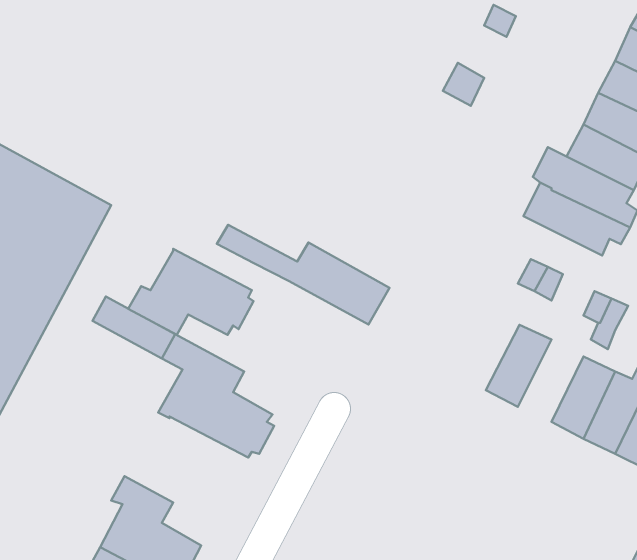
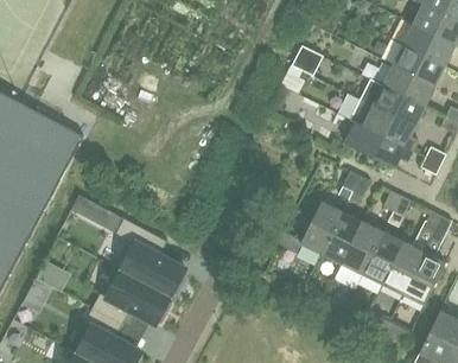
building: [217,225,389,325] -> none
building: [128,249,254,335] -> [91,270,171,325]
building: none -> [299,202,342,254]
building: none -> [341,222,382,274]

